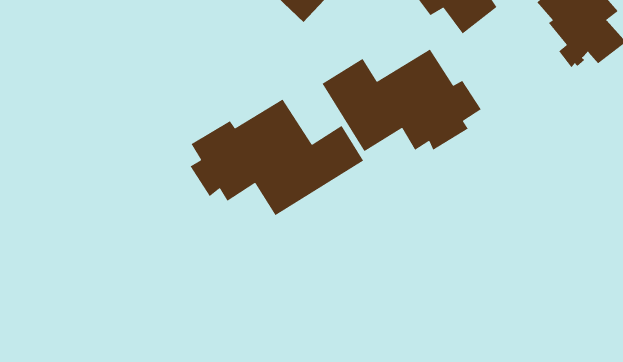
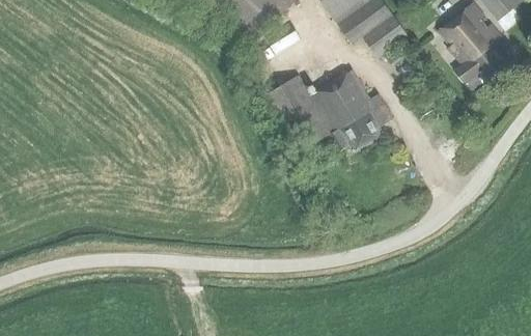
building: [190,98,364,216] -> none

